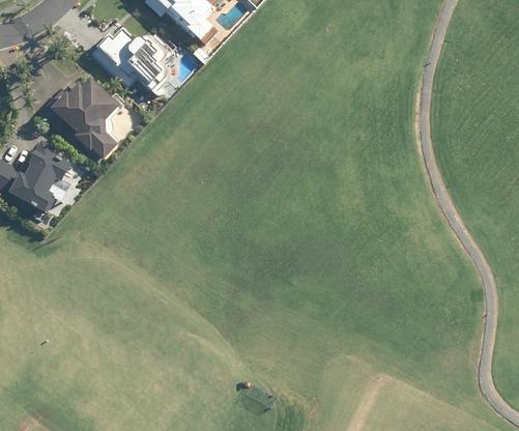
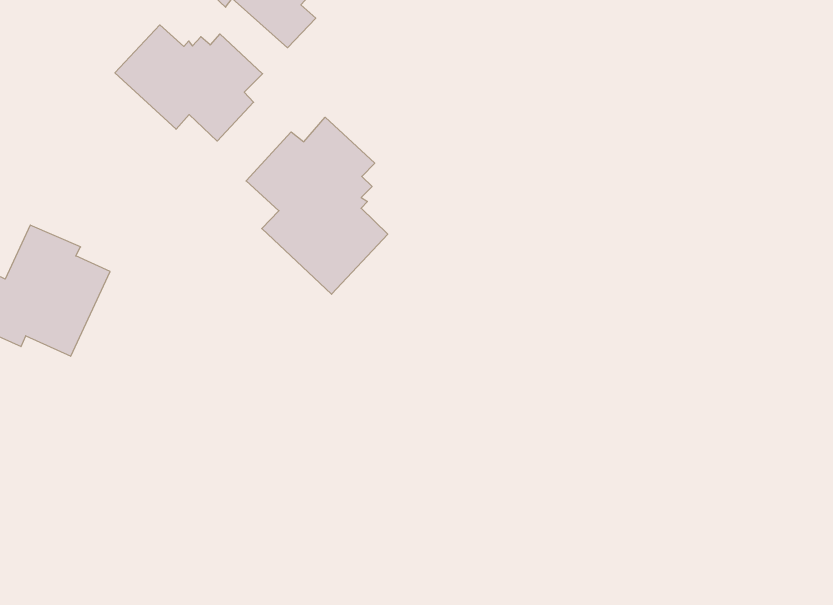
building: [46,76,116,159] -> none
building: none -> [246,117,388,294]

